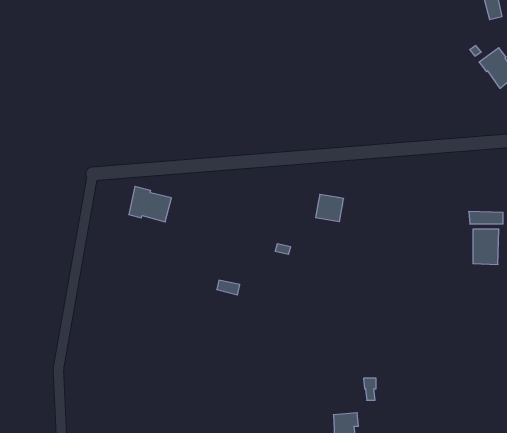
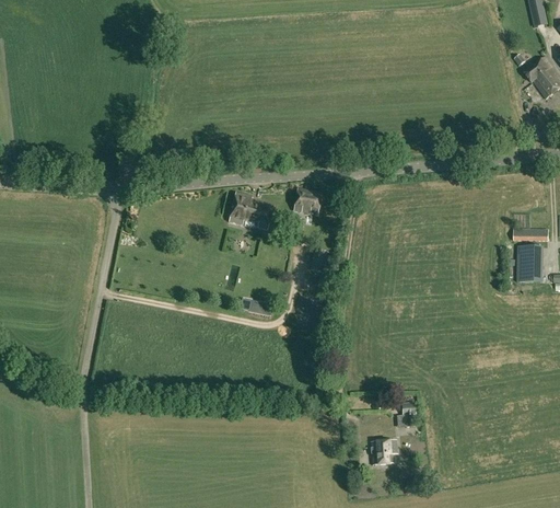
building: [129,186,171,222] -> [228,192,272,229]
building: [316,194,344,222] -> [292,186,322,215]

